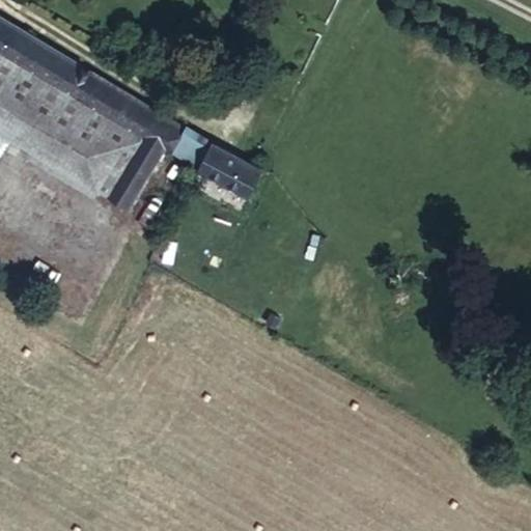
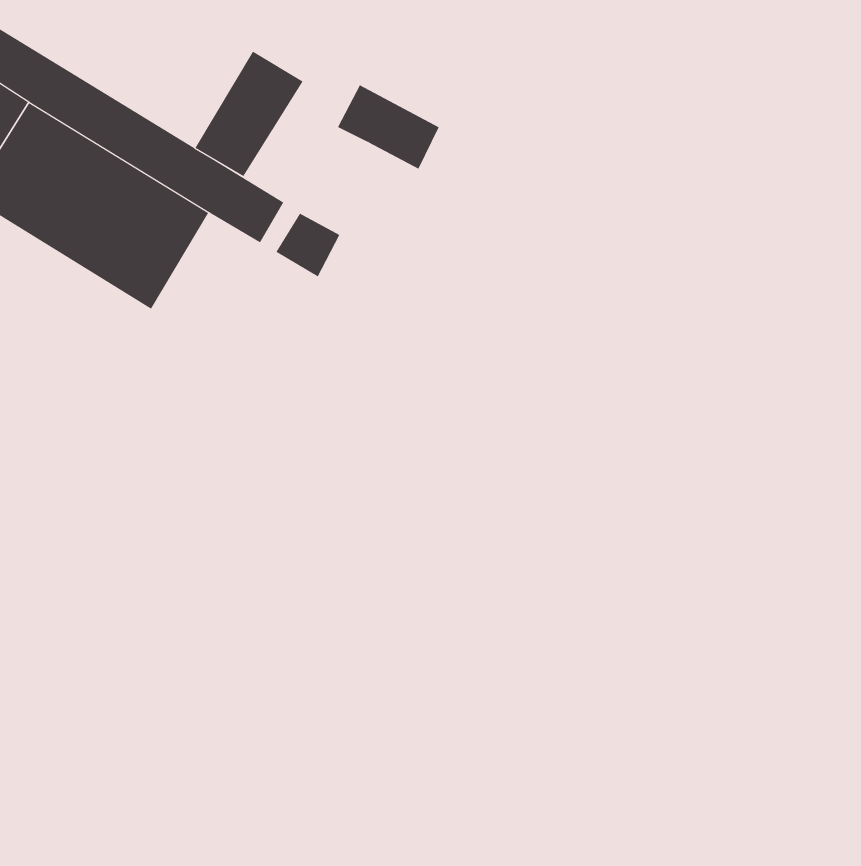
building: [92,132,159,208] -> [195,51,304,177]
building: [194,145,256,197] -> [337,84,439,170]

